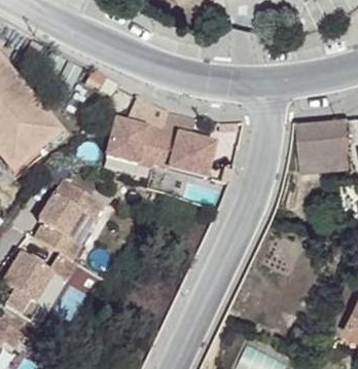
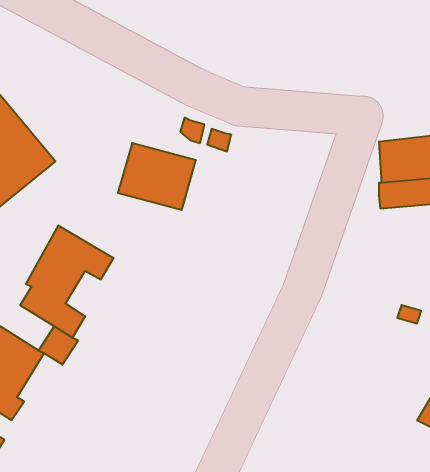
building: [154,130,217,179] -> none

